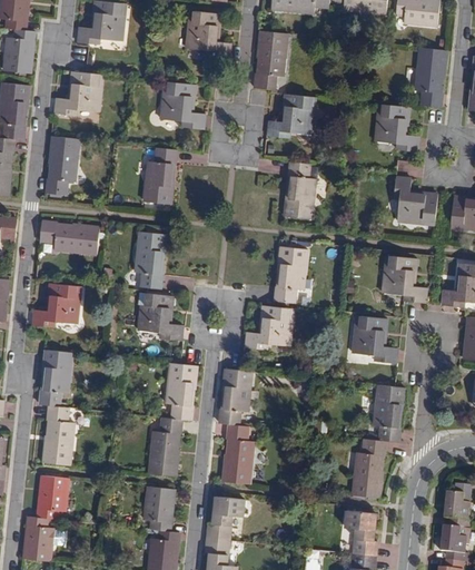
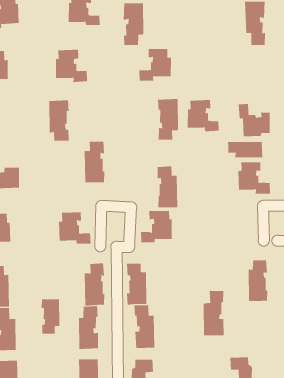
building: [375,104,418,148] -> [187,100,220,132]
building: none -> [227,141,263,158]
building: [133,234,166,291] -> [84,141,105,183]
building: [354,315,396,361] -> none
building: none -> [41,298,60,335]
building: [352,438,386,499] -> [203,291,225,336]

